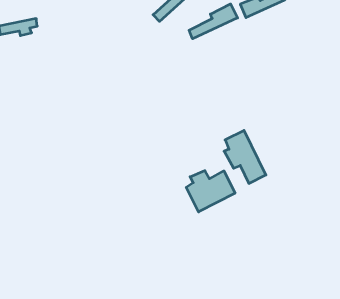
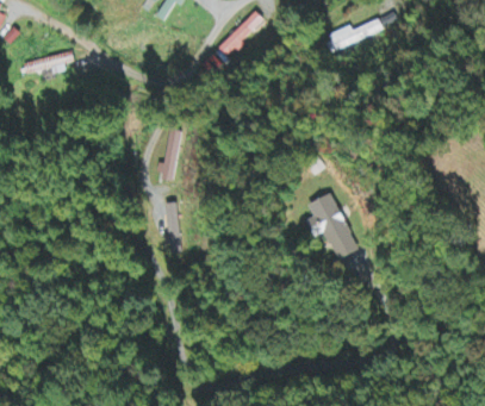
building: [189,4,238,39] -> none
building: [186,171,235,212] -> none

